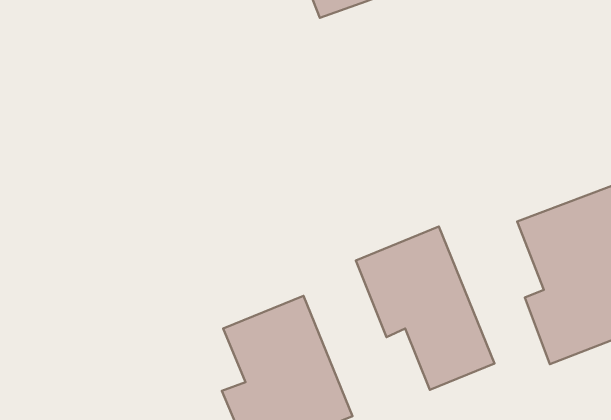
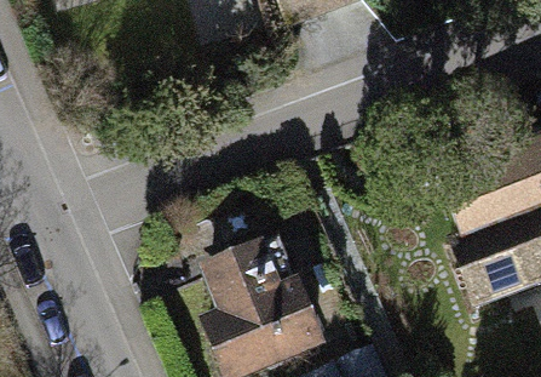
building: [356,226,495,390] -> none

